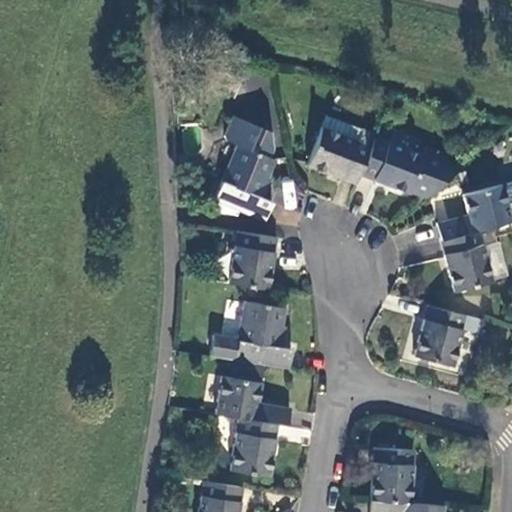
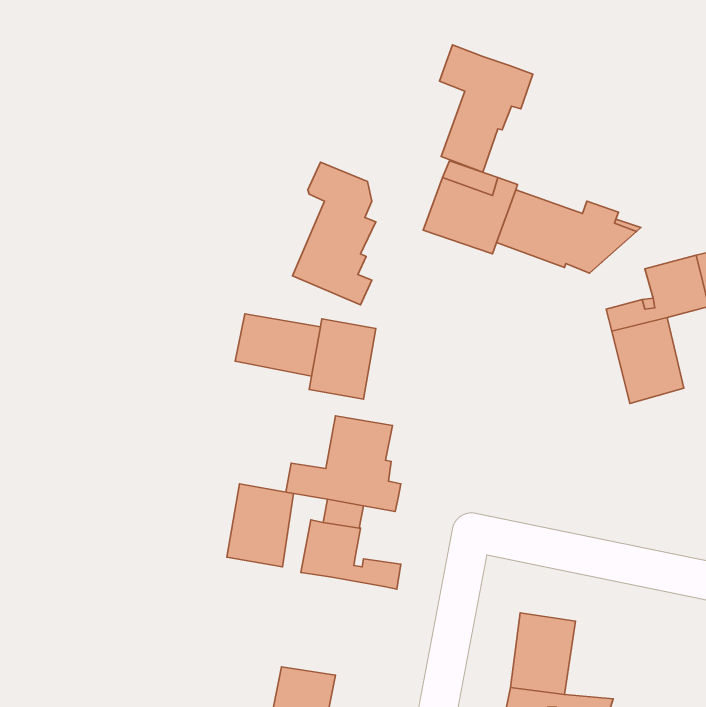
building: none -> [440,45,533,172]
building: none -> [235,314,320,376]
building: [417,307,486,369] -> none
building: [231,417,279,477] -> [227,484,293,567]

